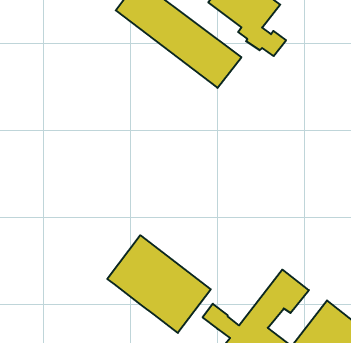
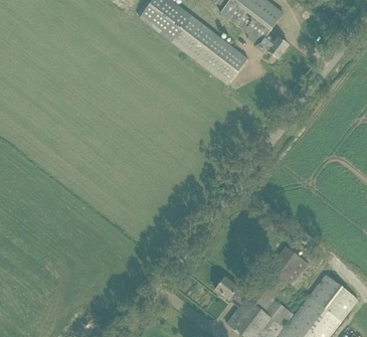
building: [107,235,211,333] -> none

